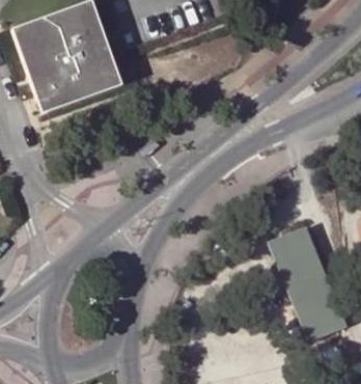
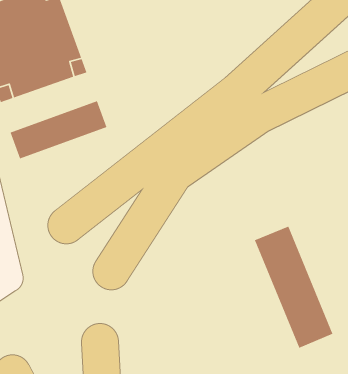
building: none -> [10,100,107,160]

